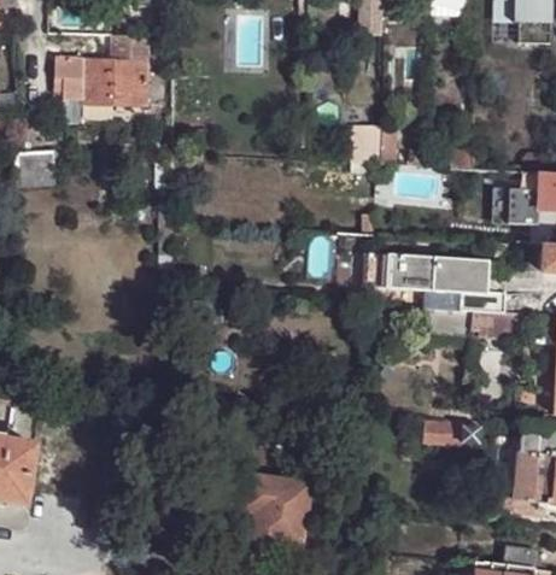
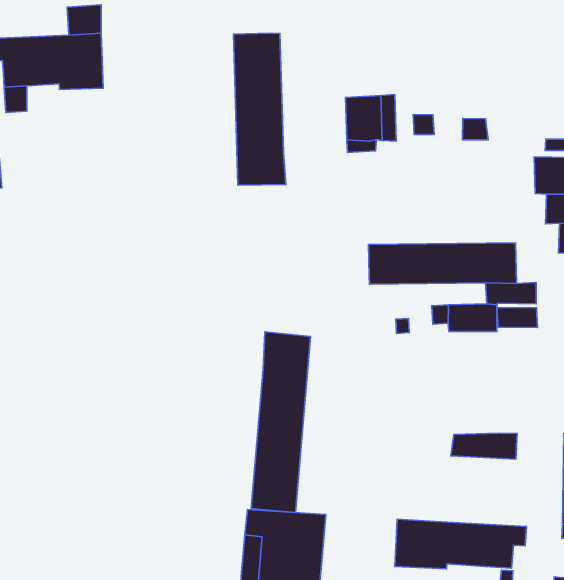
building: none -> [233,33,286,185]
building: none -> [251,332,311,512]
building: none -> [395,519,527,569]

